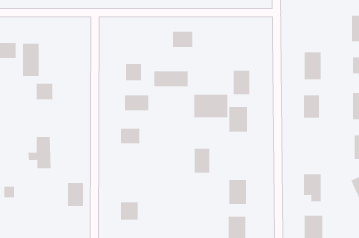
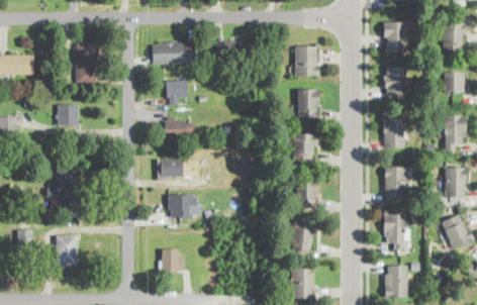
building: none -> [383,22,404,53]
building: none -> [295,45,317,77]
building: [22,43,40,76] -> [75,45,96,86]
building: [154,71,188,87] -> [152,43,194,63]
building: [194,94,228,118] -> none
building: none -> [384,168,406,199]
building: [194,148,210,173] -> [297,179,317,209]
building: none -> [168,196,192,218]
building: [67,183,84,207] -> [57,235,77,265]

